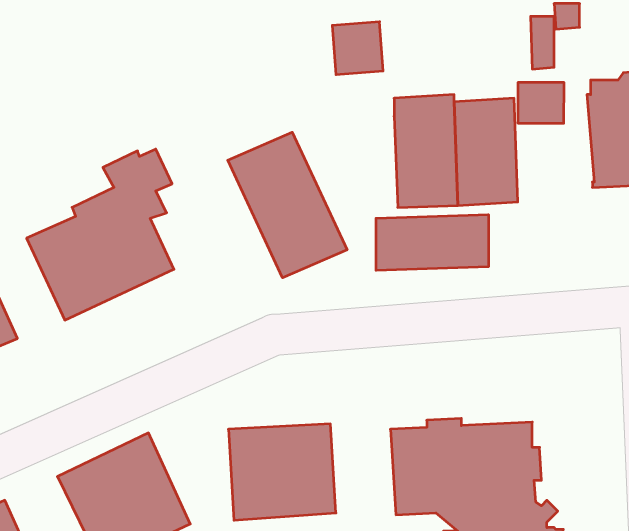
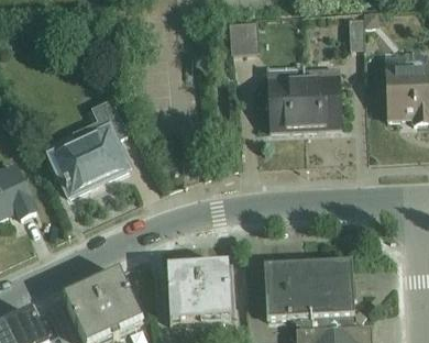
building: [518,82,564,123] -> none
building: [228,132,347,278] -> none
building: [376,215,488,270] -> none

